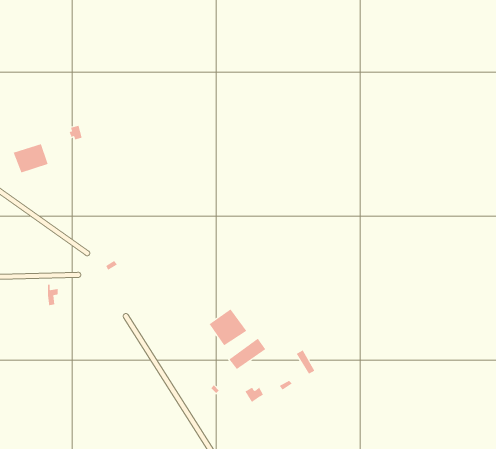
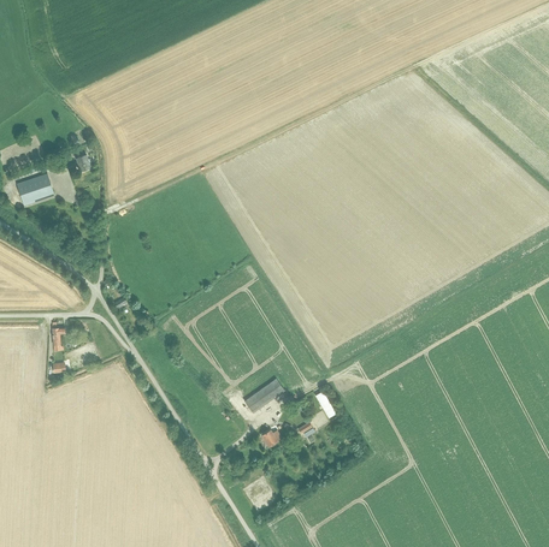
building: [209,308,247,346] -> none

